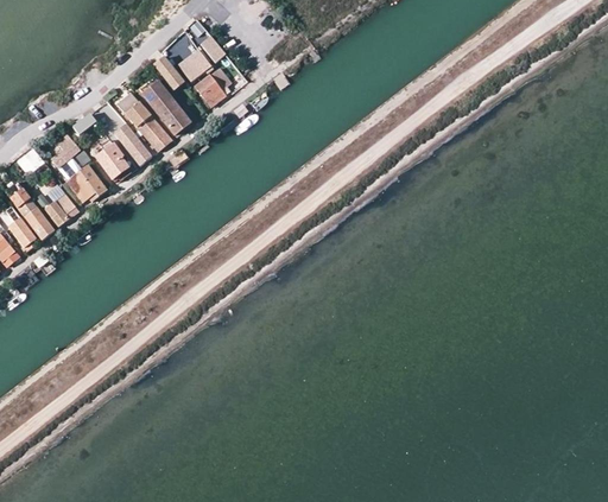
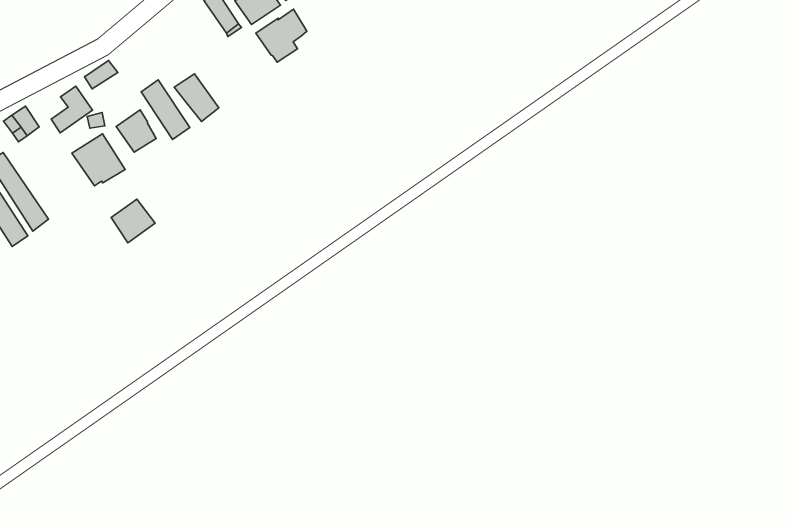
building: [142,82,190,134] -> none
building: [116,93,153,127] -> none
building: [45,193,77,225] -> [111,199,155,243]

